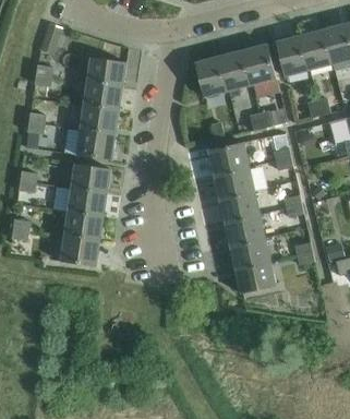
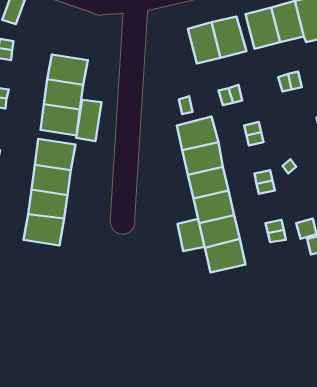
building: [194,57,228,97] -> none
building: [87,58,125,87] -> none
building: none -> [76,100,102,141]
building: none -> [177,219,205,251]

